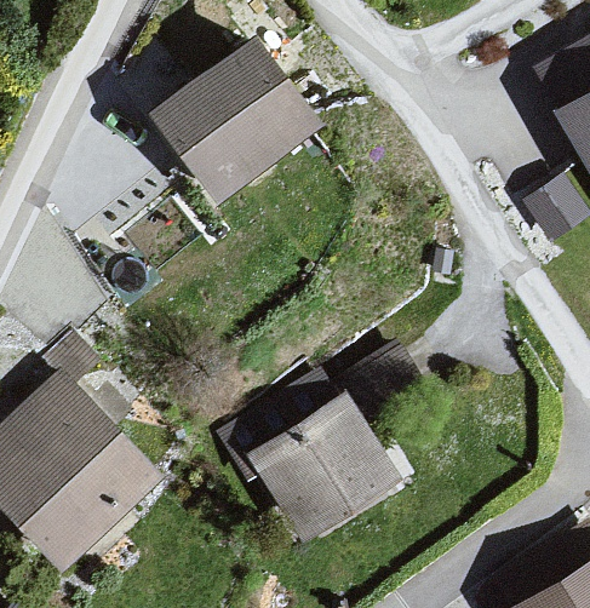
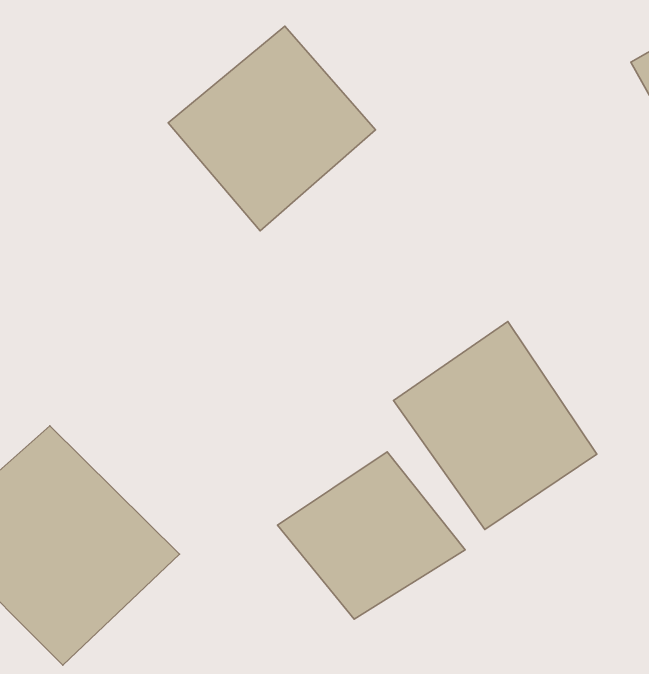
building: none -> [393,322,597,529]

